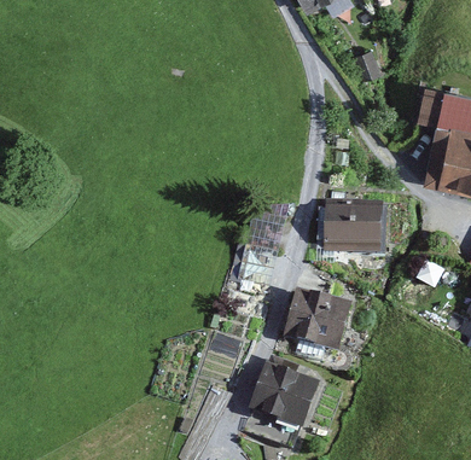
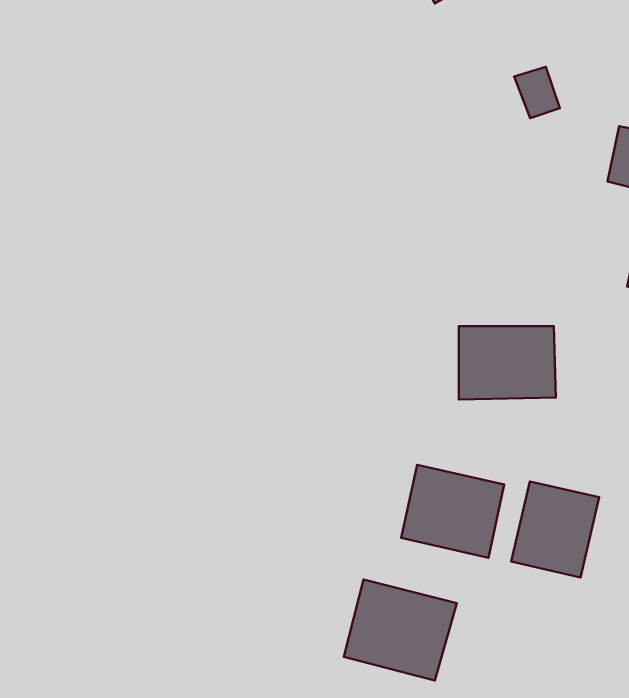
building: none -> [511,481,599,577]

